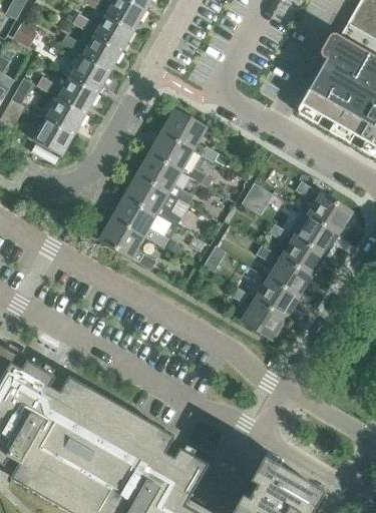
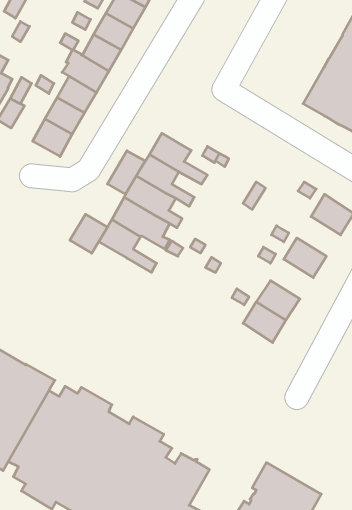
building: [160,111,203,150] -> none
building: none -> [107,151,145,194]
building: none -> [70,214,107,253]
building: [294,215,337,254] -> none
building: [268,258,310,297] -> none

